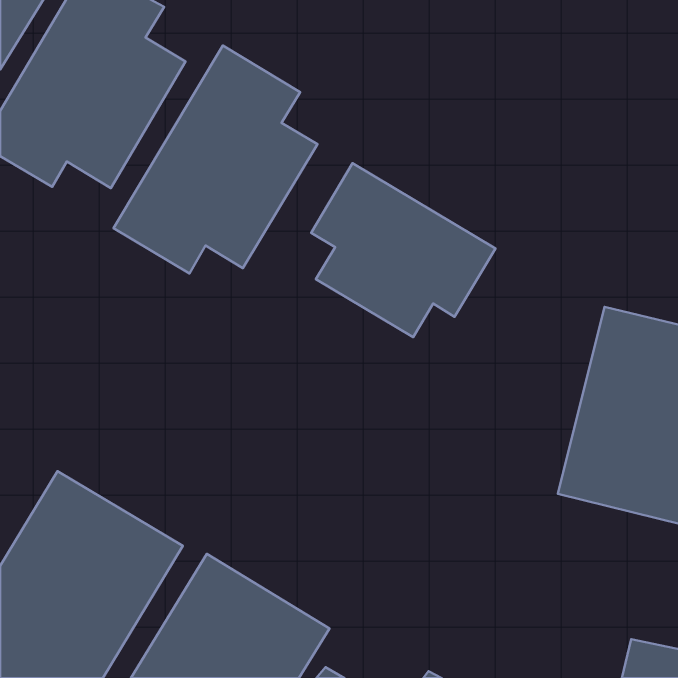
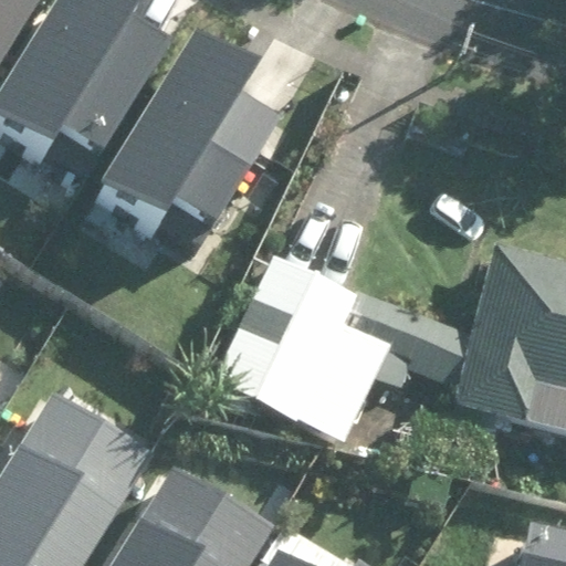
building: [311,163,495,337] -> none
building: none -> [217,261,427,442]

